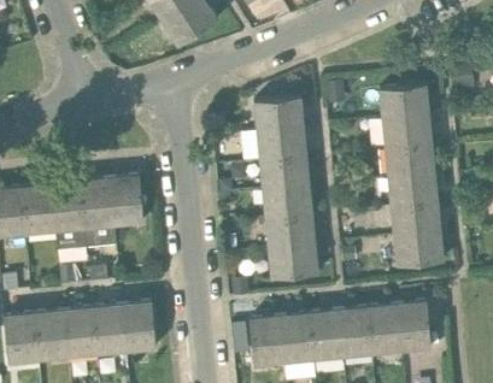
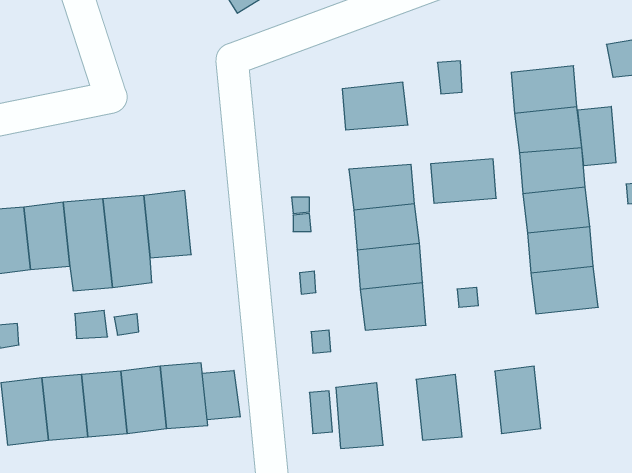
building: none -> [578,106,616,166]
building: [258,126,306,159] -> [431,159,496,203]
building: [397,301,432,349] -> none
building: none -> [202,370,240,420]
building: [339,307,372,355] -> none
building: [281,313,315,361] -> none

